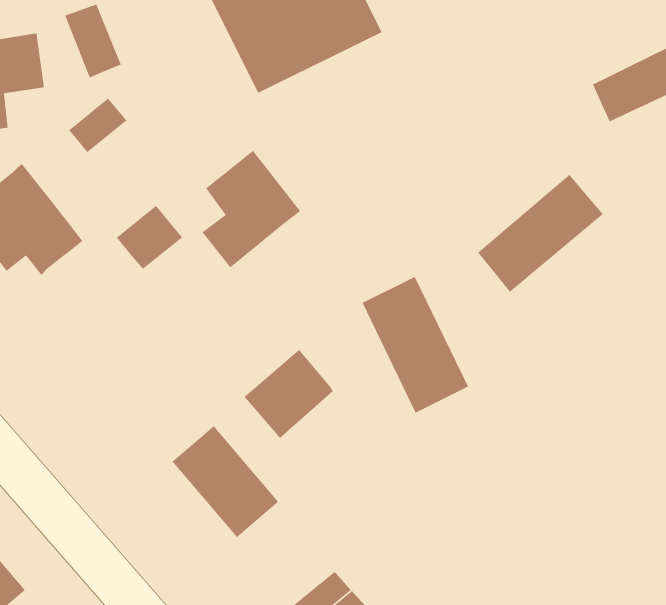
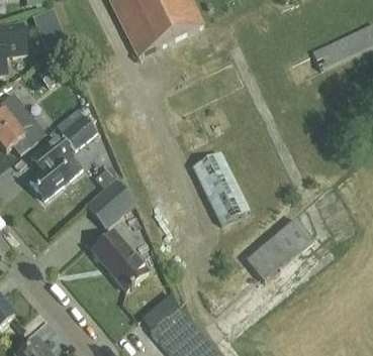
building: [201,150,301,269] -> [28,135,81,198]
building: [477,174,604,293] -> [247,218,313,280]
building: [243,349,334,439] -> [86,180,133,227]

